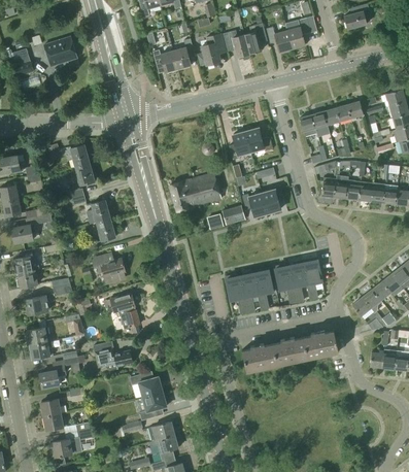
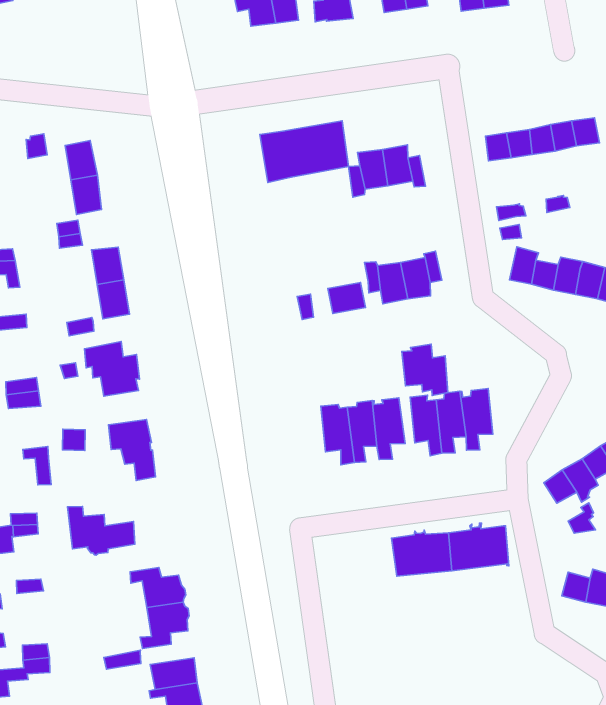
building: [169,173,219,211] -> [260,121,349,182]
building: none -> [402,344,448,396]
building: [241,344,277,372] -> none

